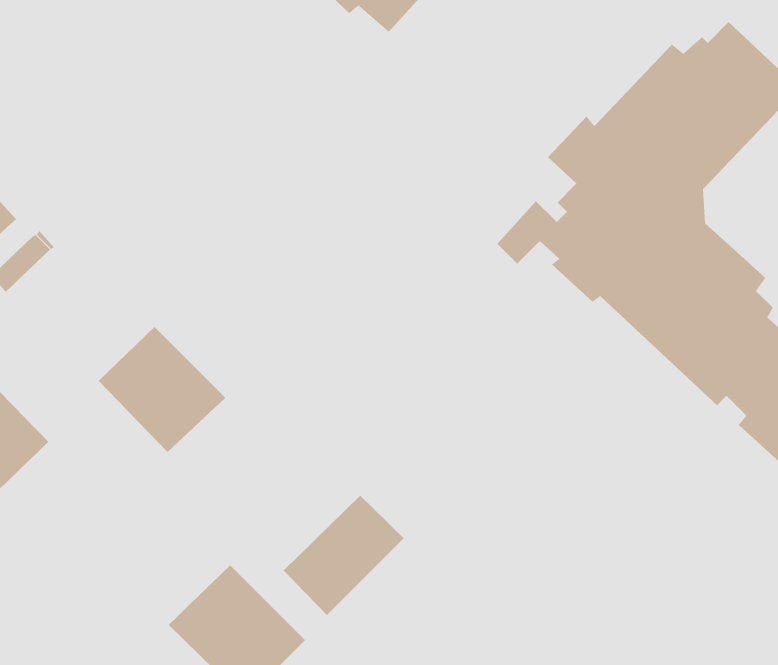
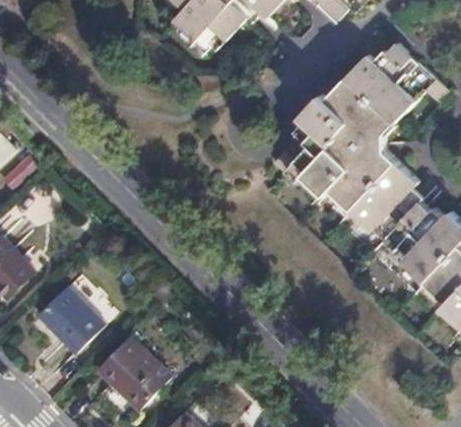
building: [98,326,226,453] -> [36,286,105,354]
building: [283,495,404,616] -> none

